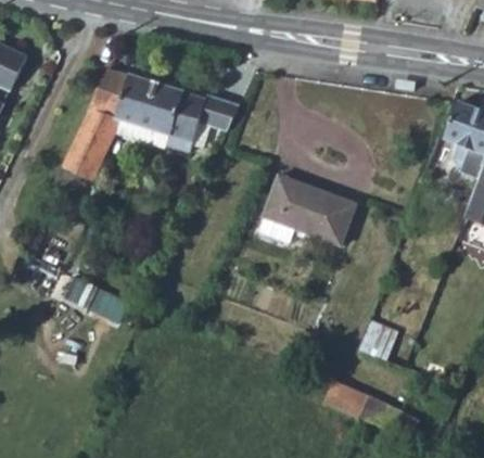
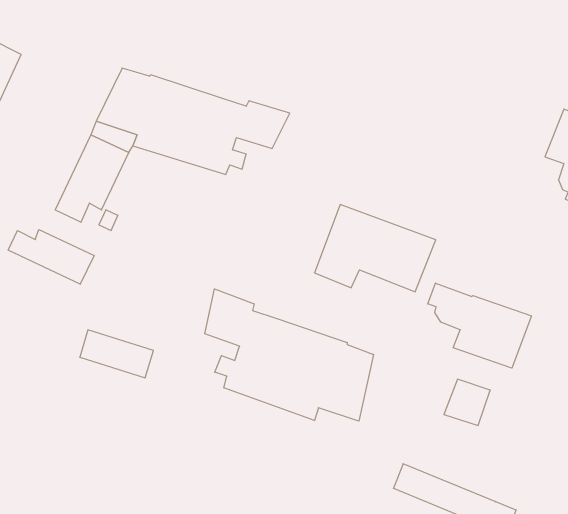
building: none -> [8,230,94,284]
building: none -> [428,283,532,368]
building: none -> [205,289,374,421]

